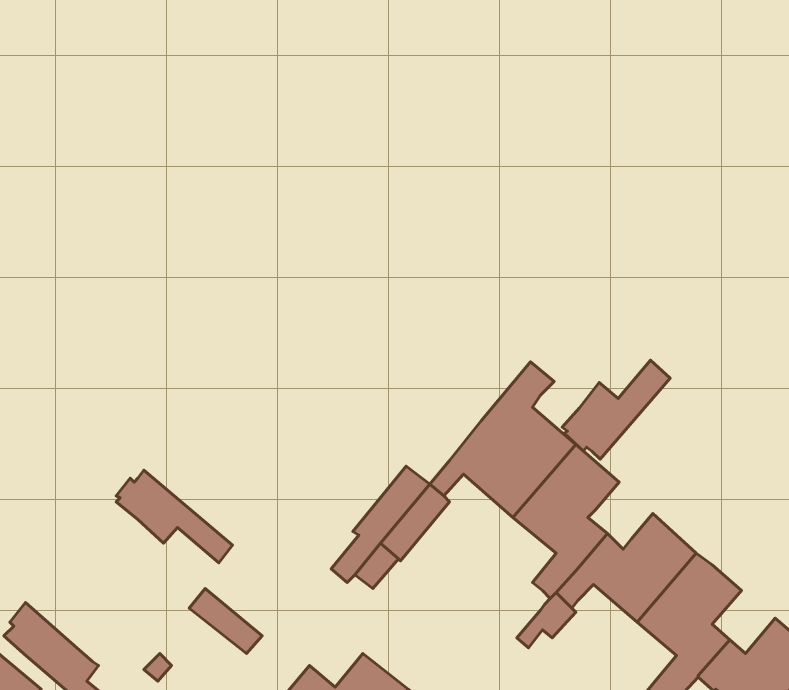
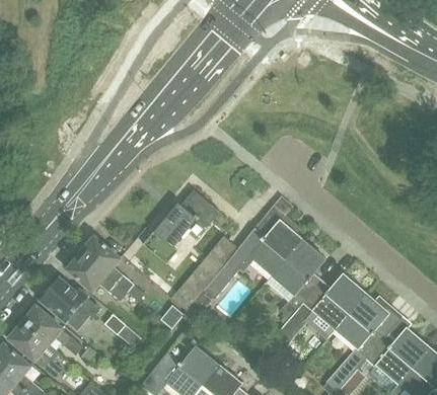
building: none -> [144,188,221,262]
building: [562,360,670,459] -> none
building: none -> [82,237,146,301]
building: none -> [42,279,101,330]
building: none -> [21,306,82,354]

